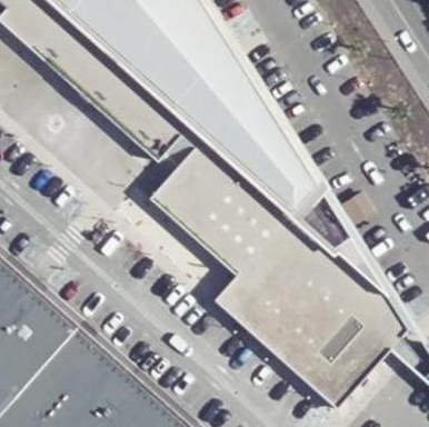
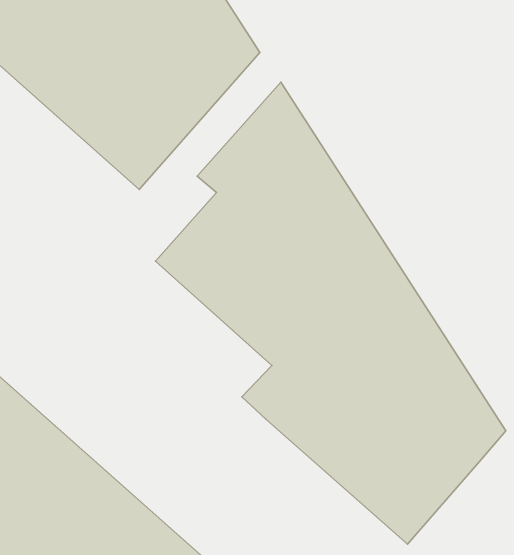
building: [134,41,240,160] -> none

